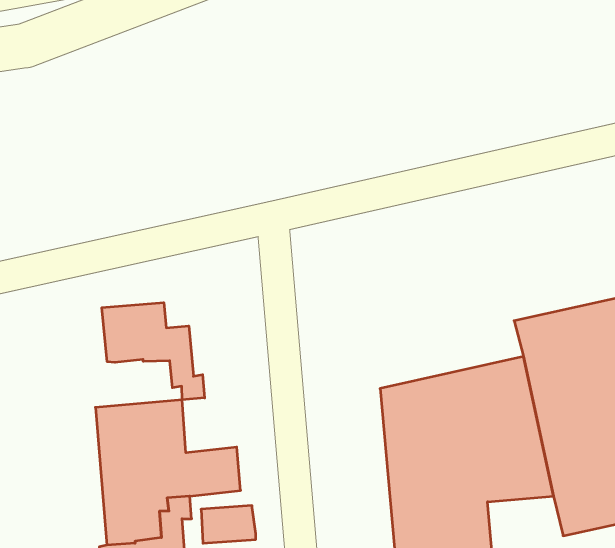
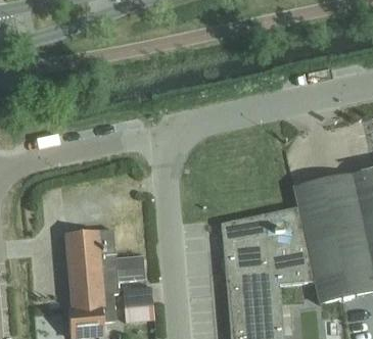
building: [102,303,205,400] -> none

